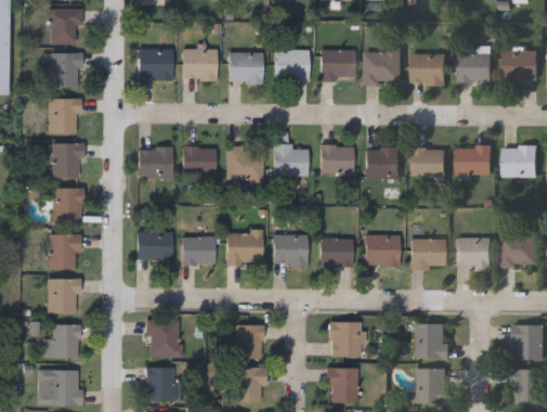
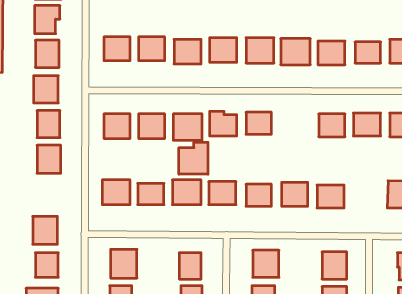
building: [365,147,400,179] -> none
building: none -> [179,142,208,174]
building: [49,234,78,270] -> none
building: [456,239,492,269] -> none

